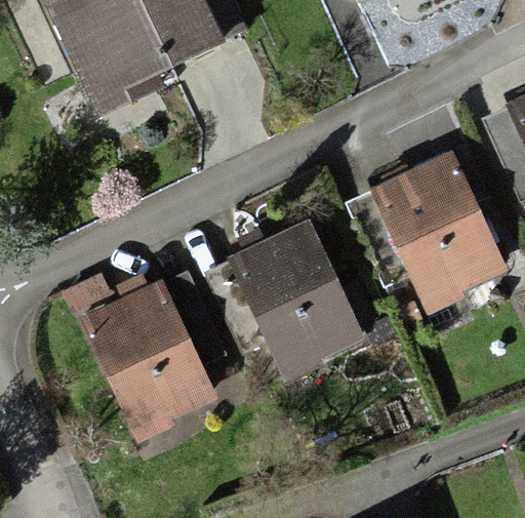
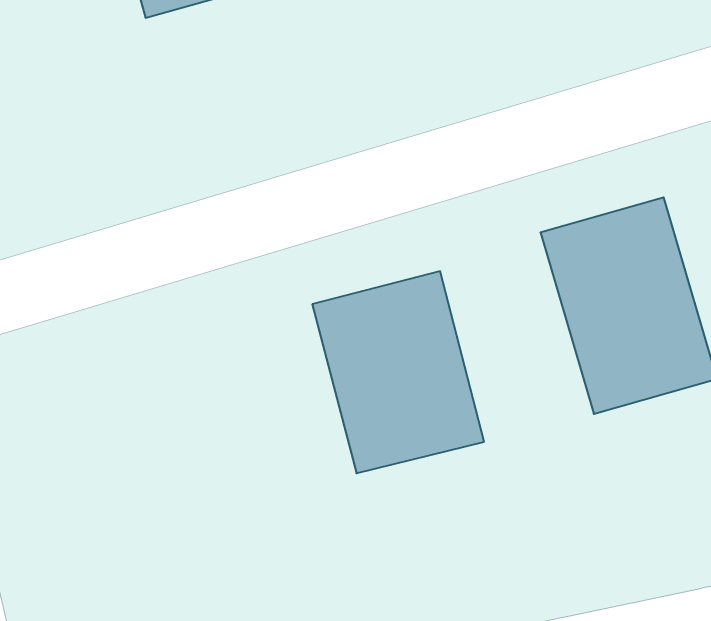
building: [81,284,211,429] -> none

